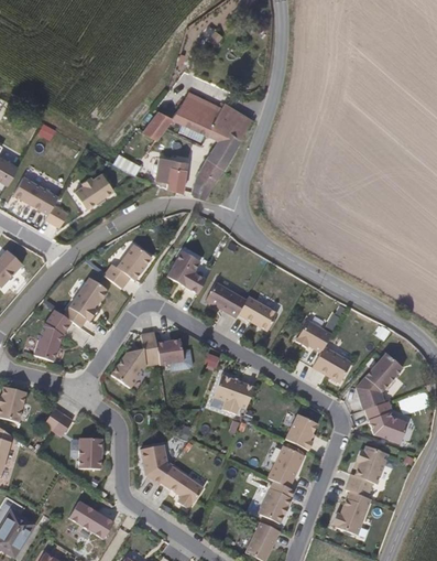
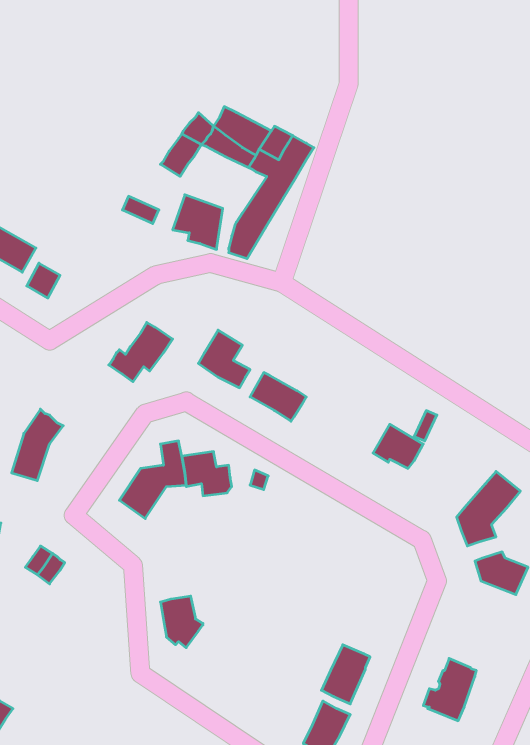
building: [76,172,116,209] -> none
building: [64,277,107,326] -> none
building: [239,296,277,331] -> none
building: [316,346,353,381] -> none
building: [215,375,255,413] -> none
building: [286,413,317,449] -> none
building: [79,436,102,468] -> none
building: [347,443,389,497] -> none
building: [269,444,304,486] -> none
building: [161,465,204,508] -> none
building: [68,499,116,540] -> none

